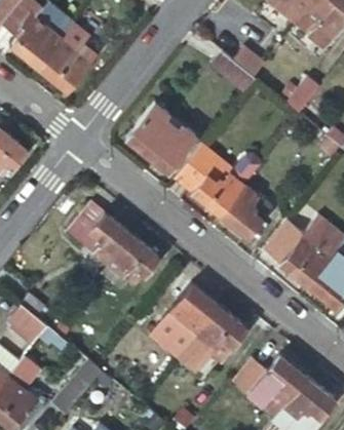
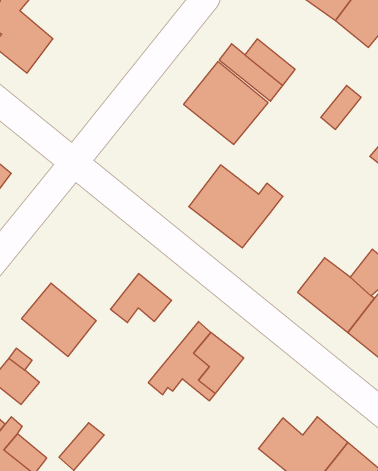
building: [39,25,89,91] -> none
building: [126,104,197,173] -> [184,61,268,145]
building: [220,186,270,237] -> none
building: [70,204,132,266] -> [22,283,96,356]
building: [180,307,249,372] -> none

